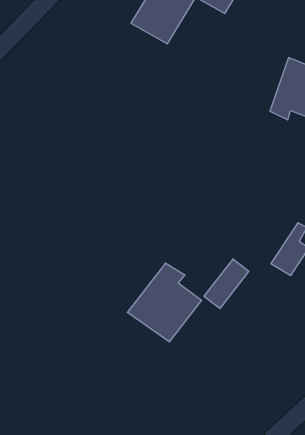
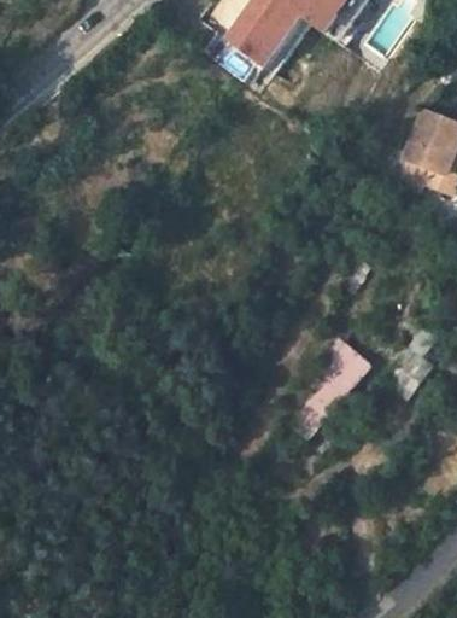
building: none -> [317,333,373,387]
building: [127,263,202,342] -> none

